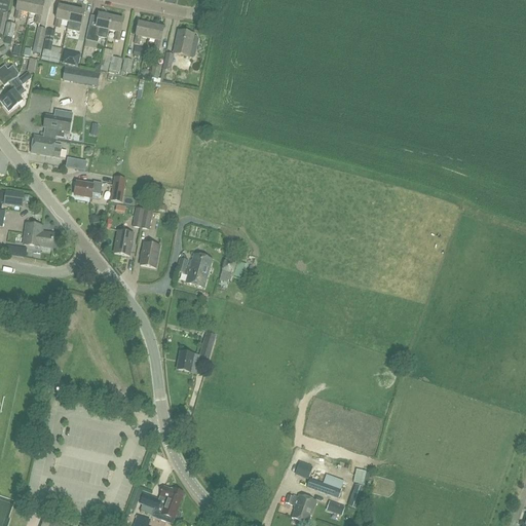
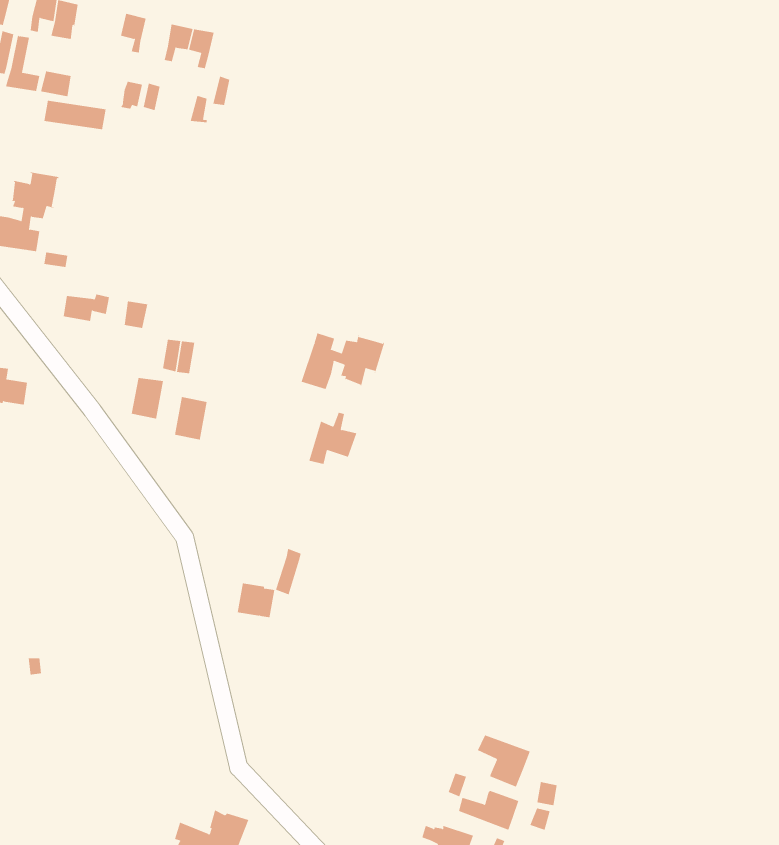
building: [85,12,111,40] -> none
building: [174,29,199,55] -> none
building: none -> [301,332,385,390]
building: [177,252,212,286] -> none
building: none -> [477,734,530,788]

